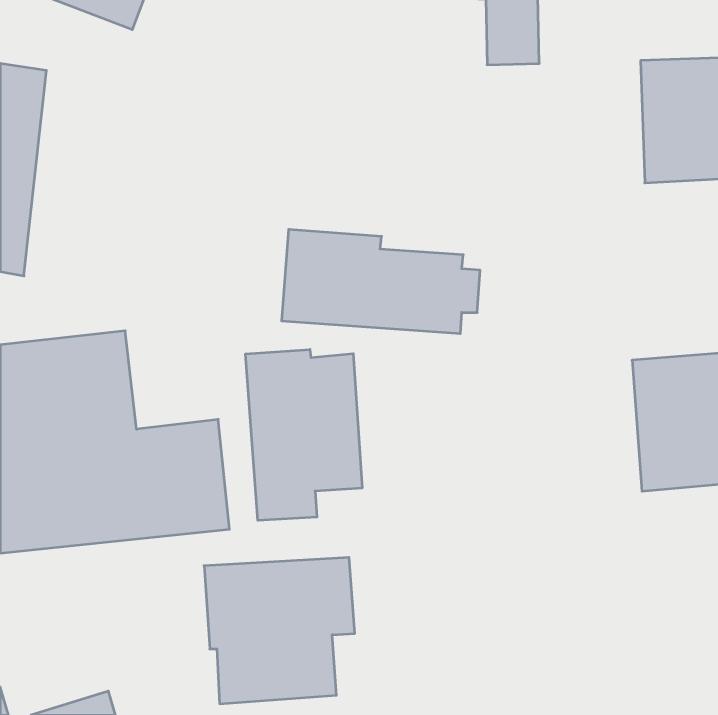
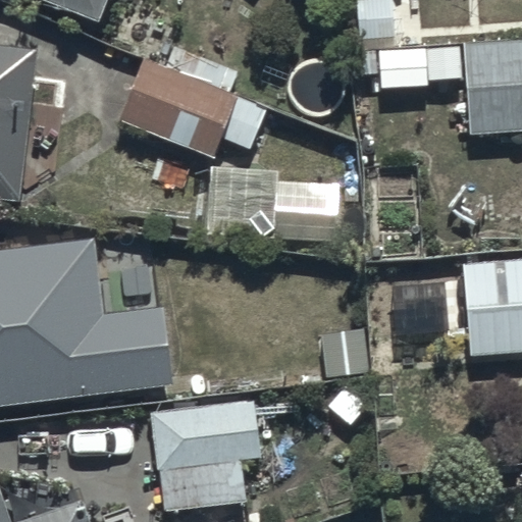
building: none -> [119,44,266,160]
building: [246,349,362,520] -> none

